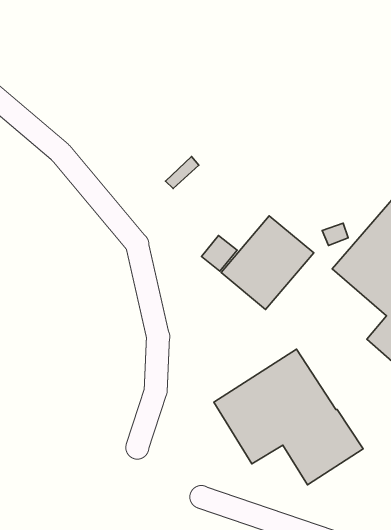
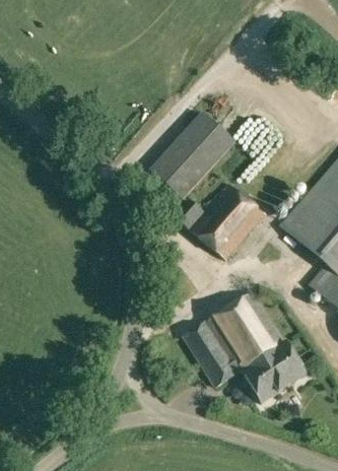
building: none -> [149,112,233,200]

